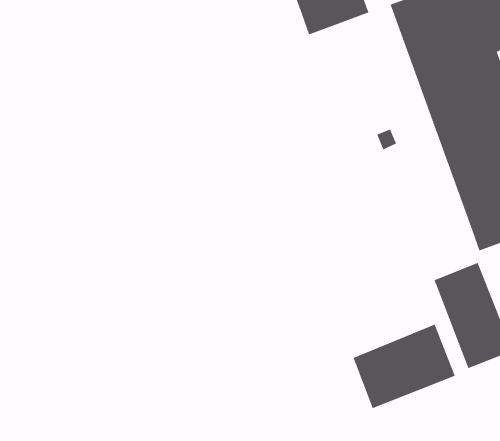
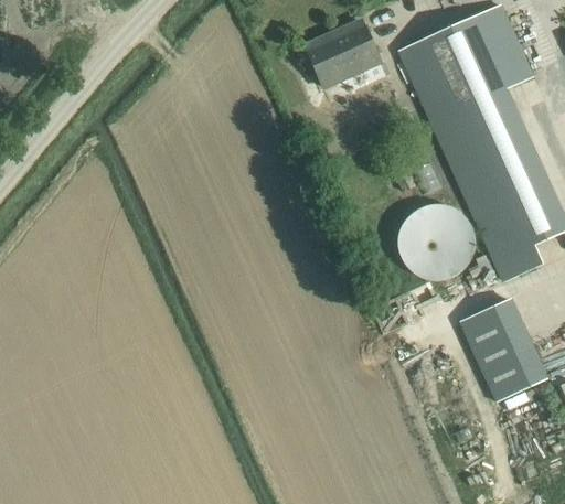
building: none -> [397,203,475,279]
building: [352,324,456,409] -> none

